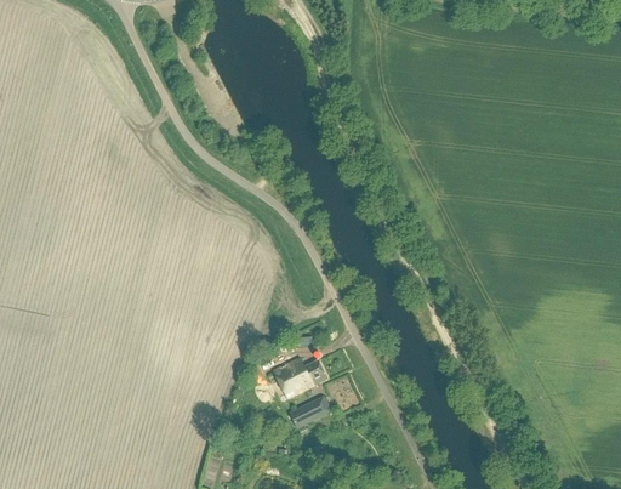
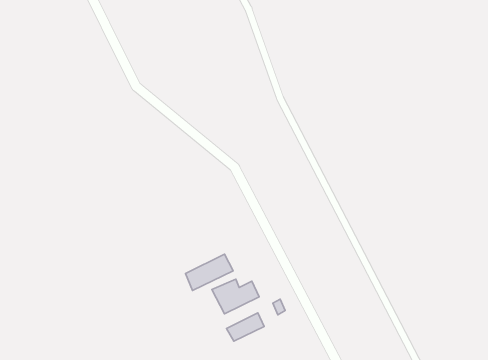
building: none -> [186,254,233,291]

